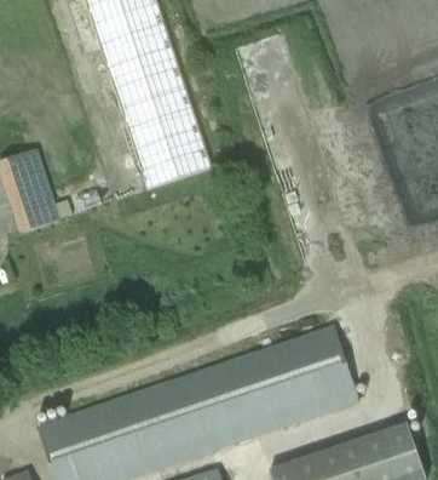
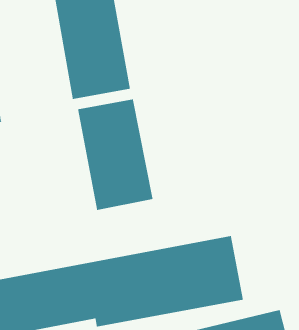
building: none -> [77,98,153,211]

